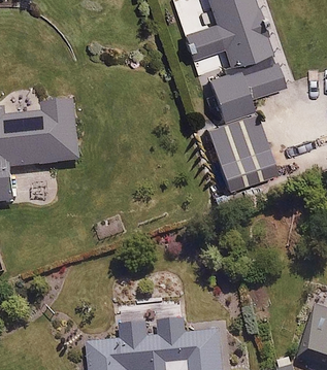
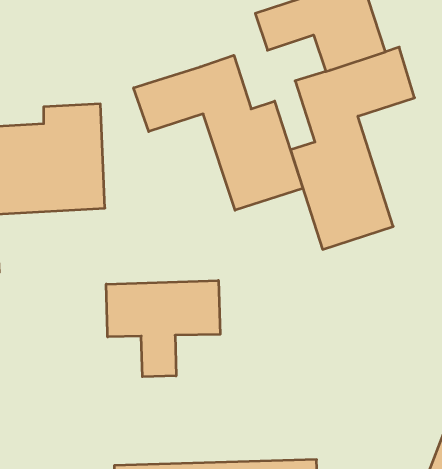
building: none -> [134,55,303,210]
building: none -> [106,280,220,377]

